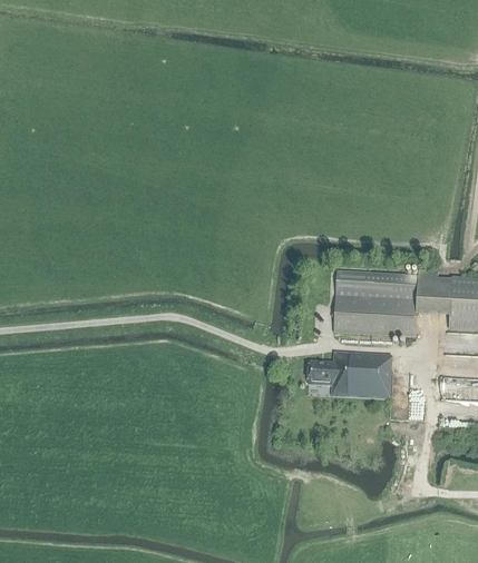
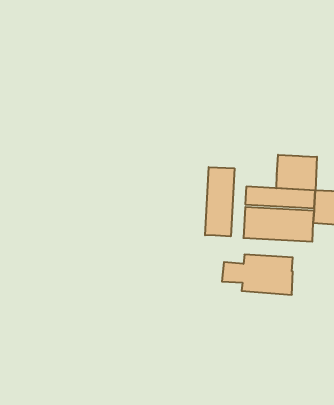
building: none -> [277,155,317,190]
building: none -> [205,167,234,236]

